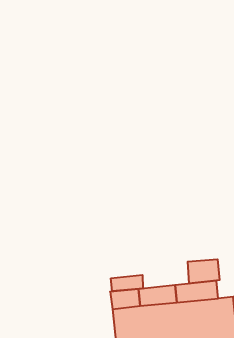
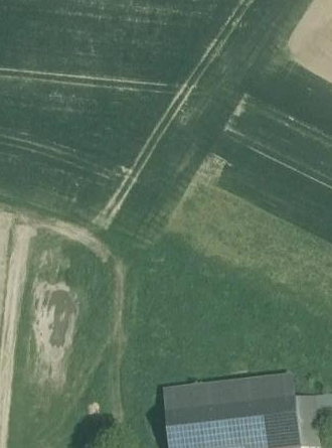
building: [188,259,220,284] -> none
building: [111,275,143,291] -> none

